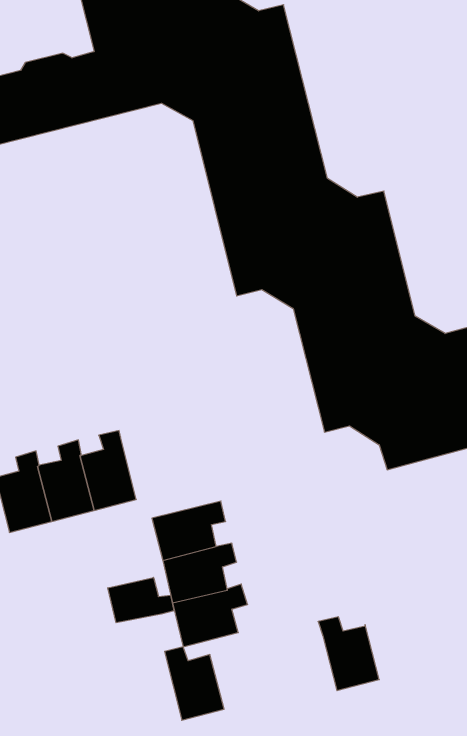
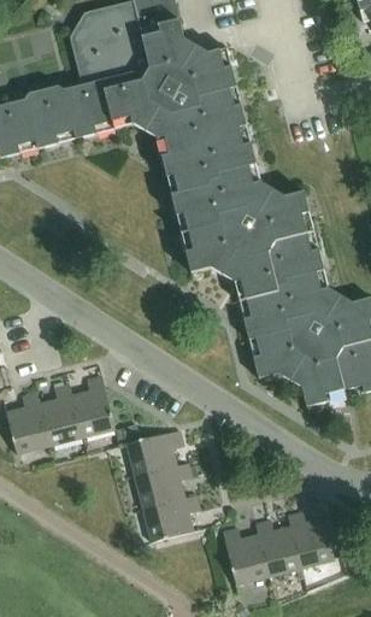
building: [108,577,174,623] -> none
building: none -> [287,510,334,566]
building: [165,647,224,720] -> [223,527,269,583]

